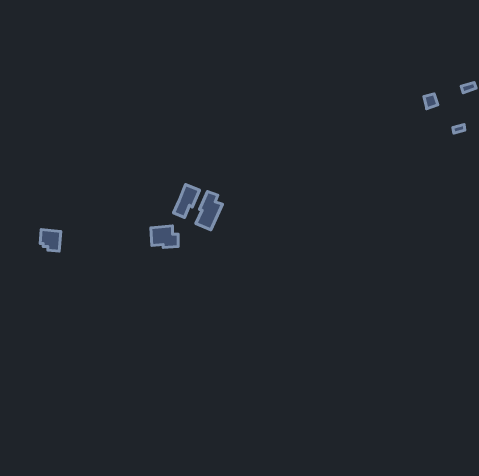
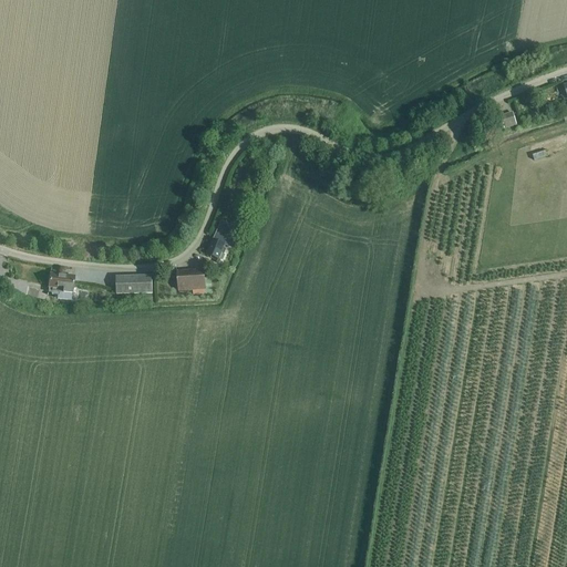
building: [196,192,222,230] -> none
building: none -> [116,274,151,292]

